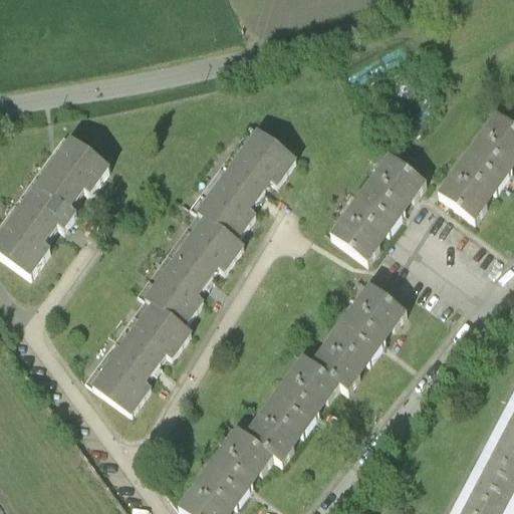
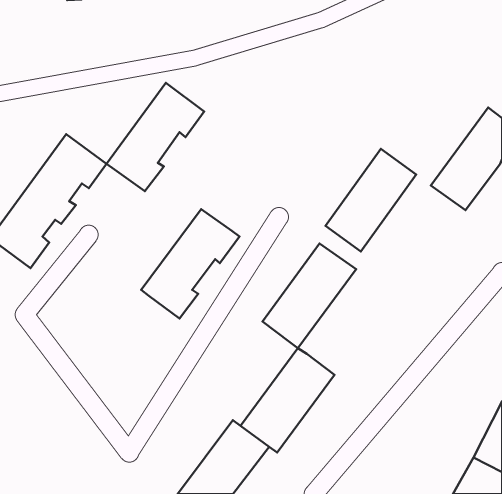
building: [197,124,296,235] -> [107,83,204,191]
building: [312,281,408,388] -> [262,244,356,348]
building: [91,301,191,412] -> none

